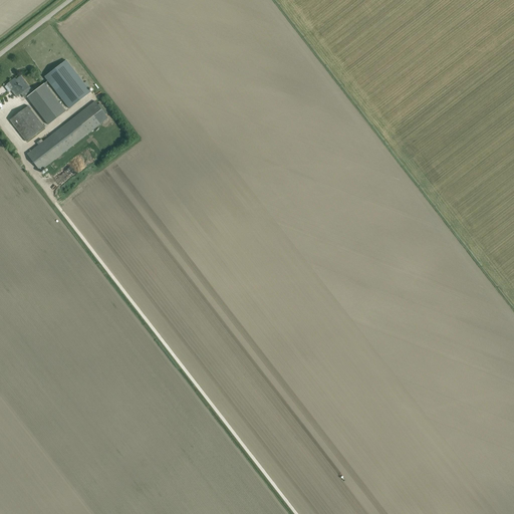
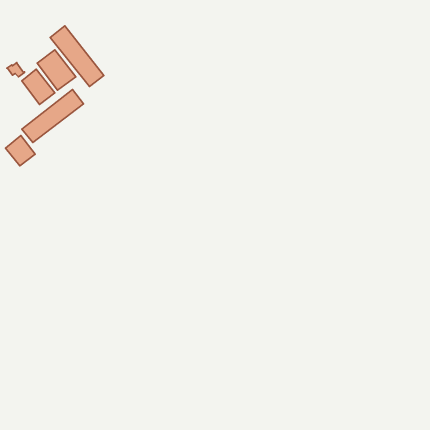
building: none -> [50,26,104,86]
building: [9,104,44,141] -> [6,136,35,166]

